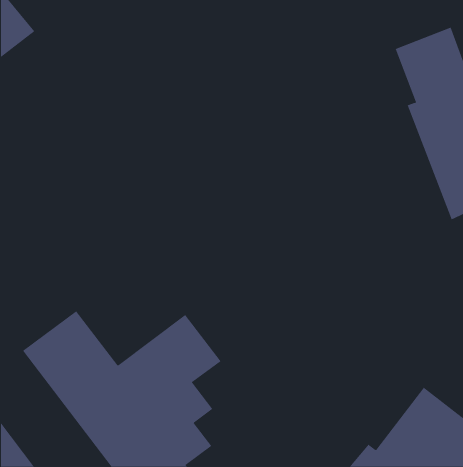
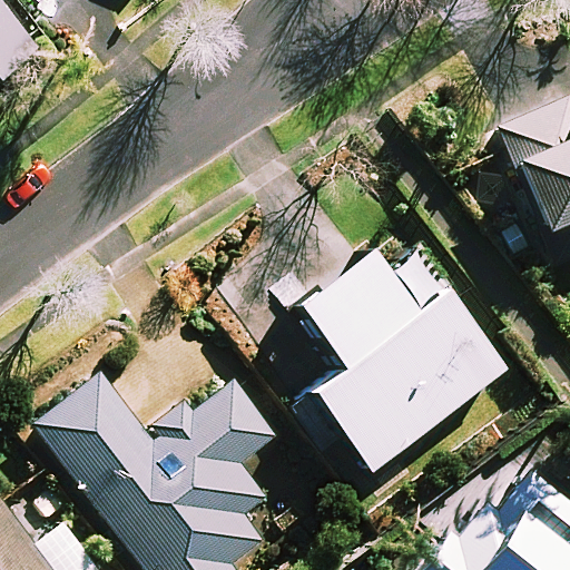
building: none -> [295,254,503,473]

